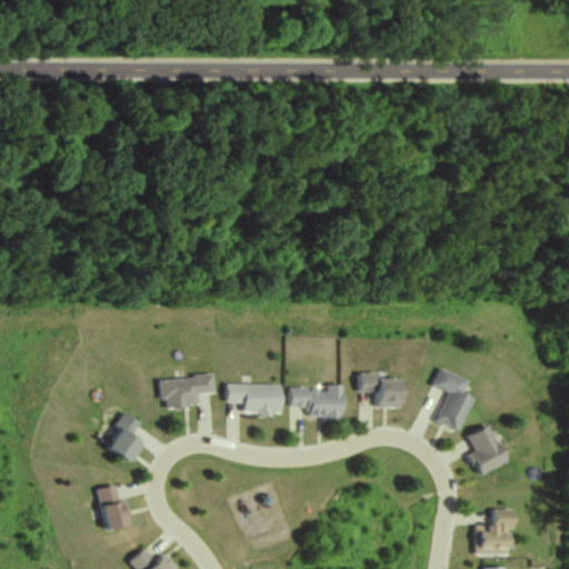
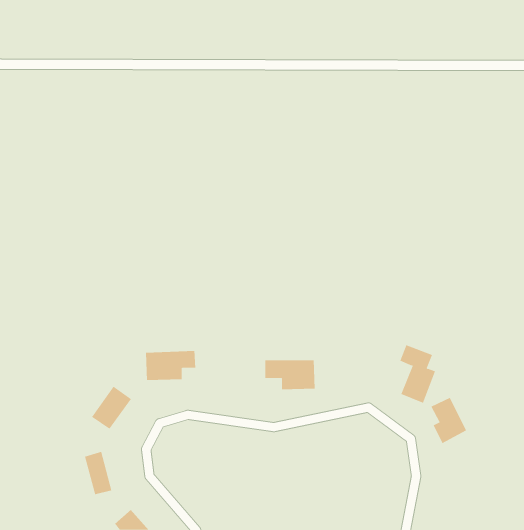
building: [363,378,399,406] -> none
building: [227,383,281,412] -> none
building: [476,508,511,553] -> none

